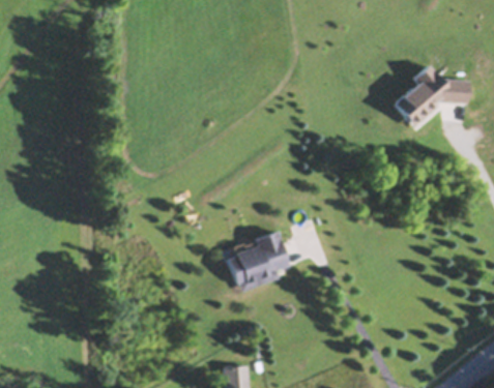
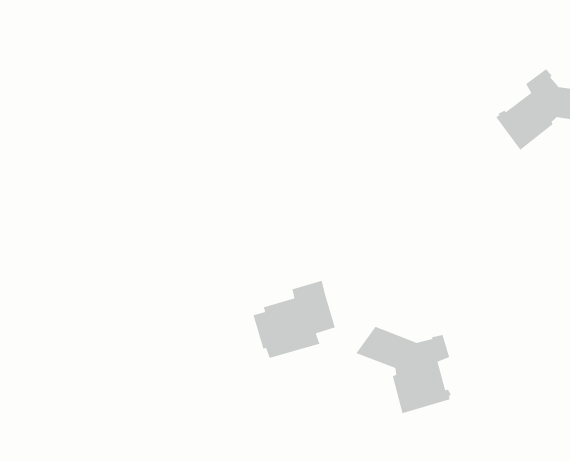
building: none -> [355,326,452,414]

